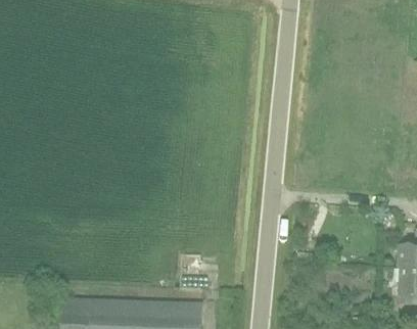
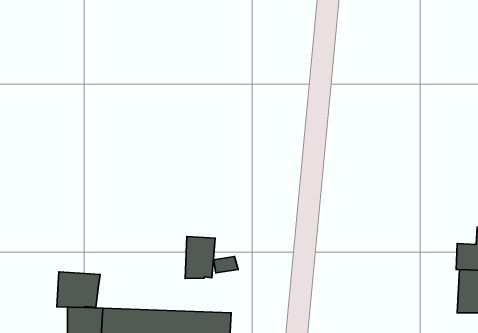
building: none -> [185,237,215,278]
building: none -> [57,272,100,307]

